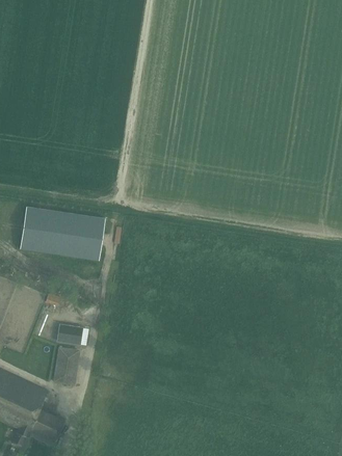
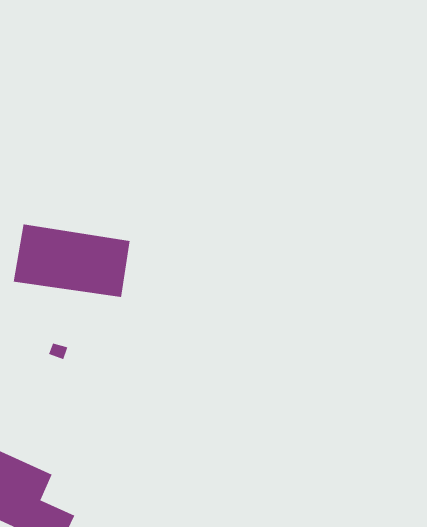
building: [57,324,82,345] -> none
building: [53,348,79,385] -> none

